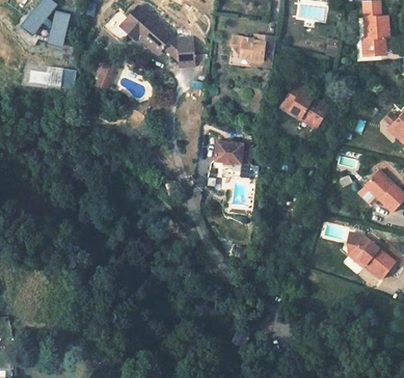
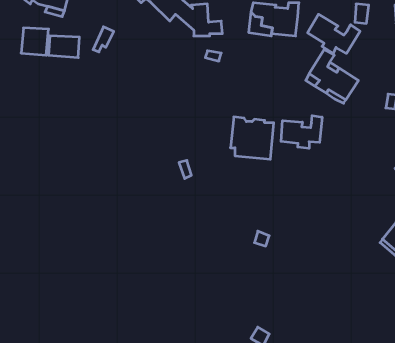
building: none -> [308,14,360,53]
building: none -> [281,116,322,148]

